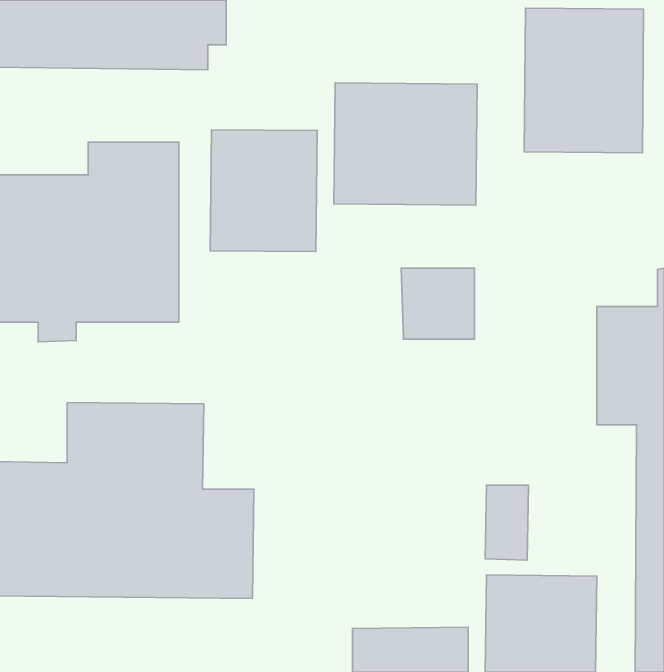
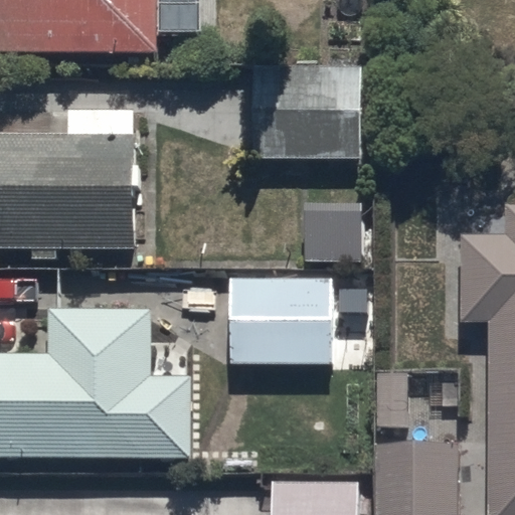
building: [524,8,644,153] -> none
building: [210,130,317,252] -> none
building: none -> [229,277,334,363]

